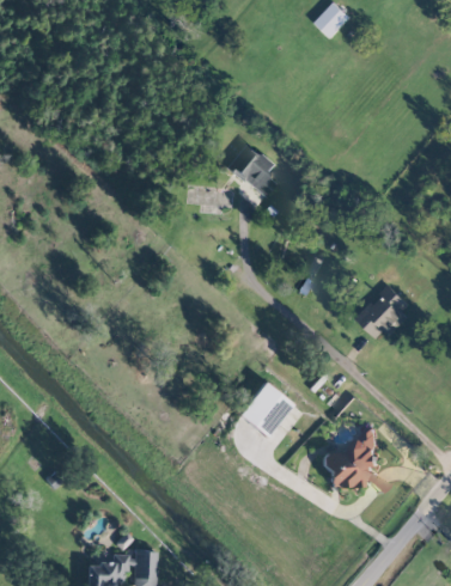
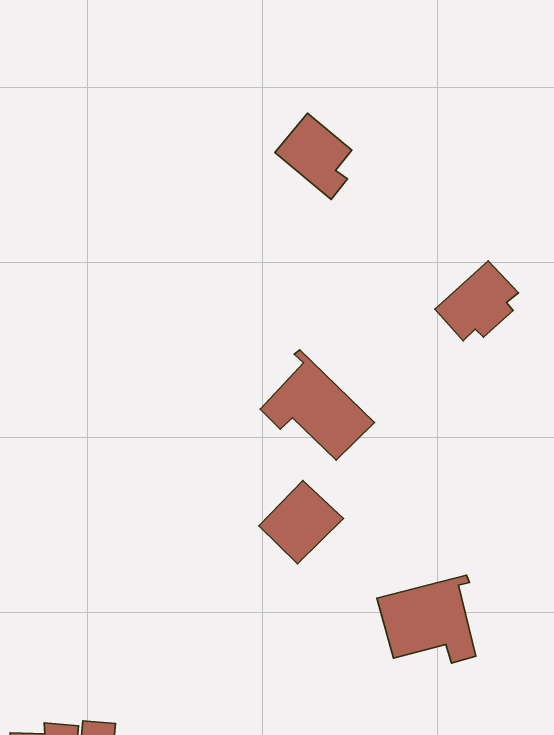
building: [358,285,412,338] -> [435,261,518,341]
building: none -> [260,350,375,460]

